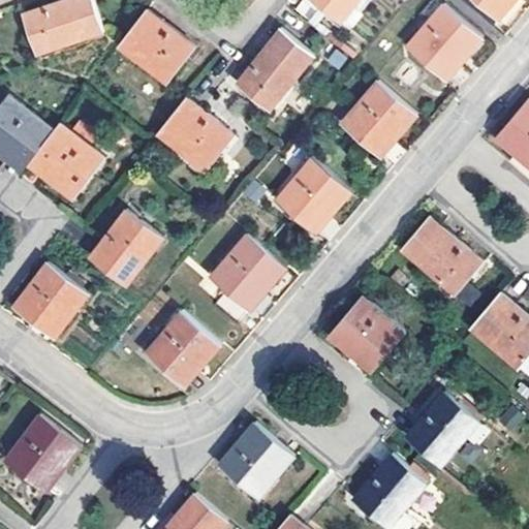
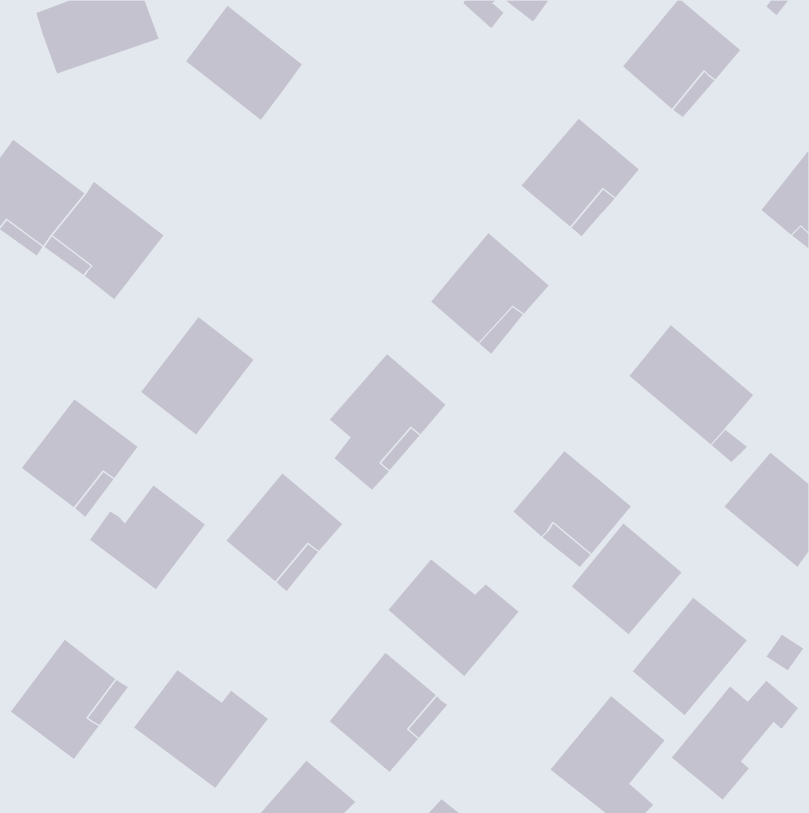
building: [238,30,315,112] -> none
building: [157,98,234,173] -> none
building: none -> [89,485,206,590]
building: none -> [571,523,683,635]
building: none -> [387,558,519,677]
building: none -> [133,669,269,789]
building: none -> [671,680,799,801]

